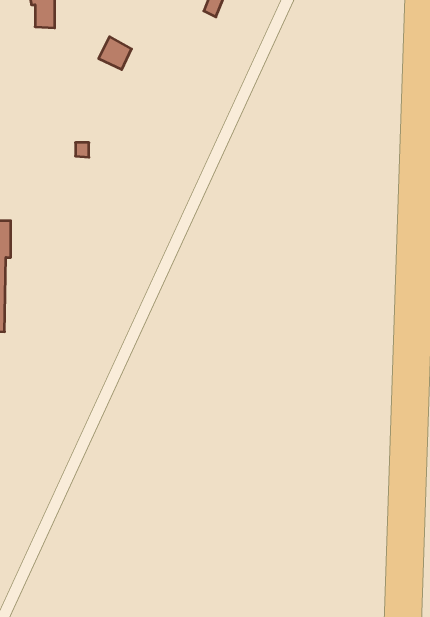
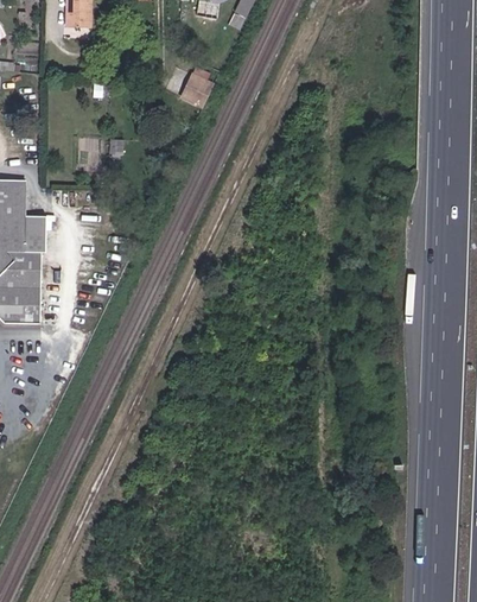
building: [99,37,132,70] -> [180,74,212,106]

